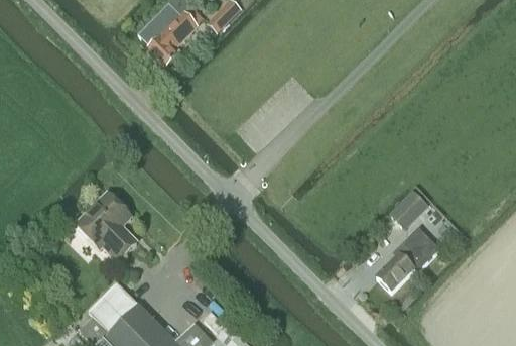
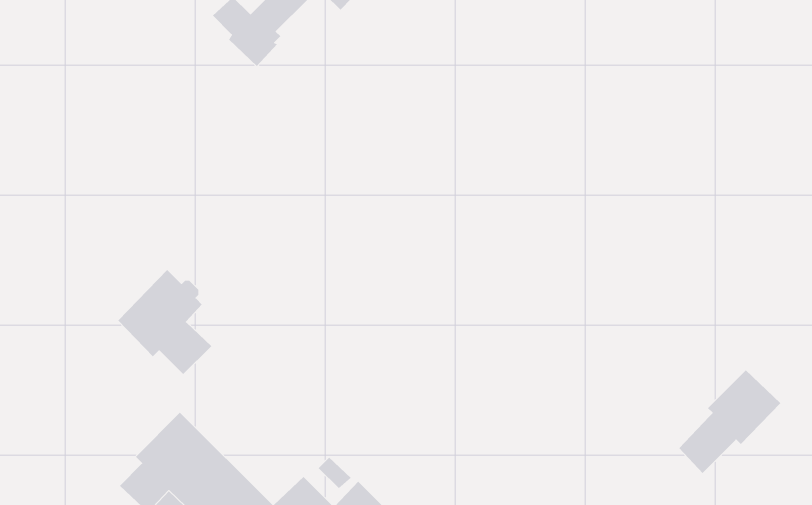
building: [390,191,427,228] -> none
building: [377,227,441,293] -> [678,370,781,474]

